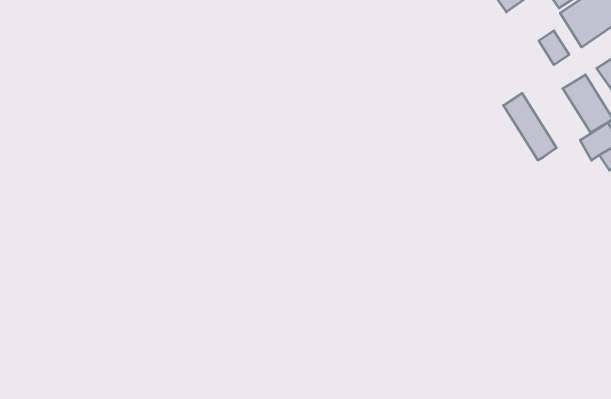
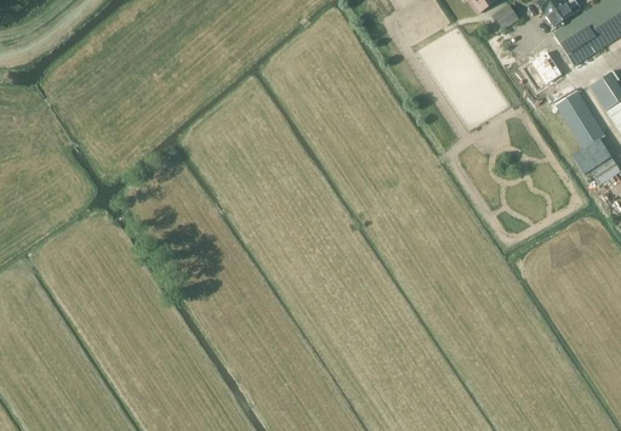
building: [503,93,556,160] -> none

